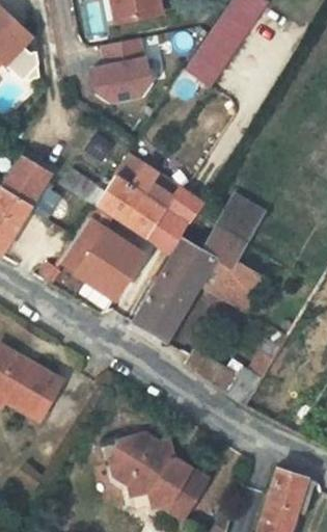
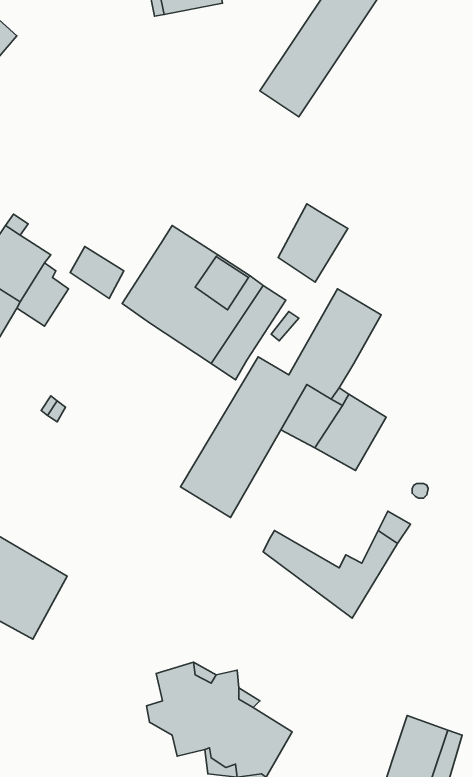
building: [92,38,151,102] -> none
building: none -> [278,204,348,282]
building: [60,206,142,298] -> none

